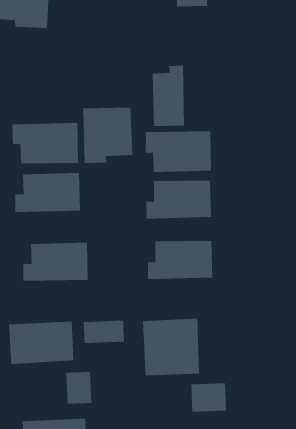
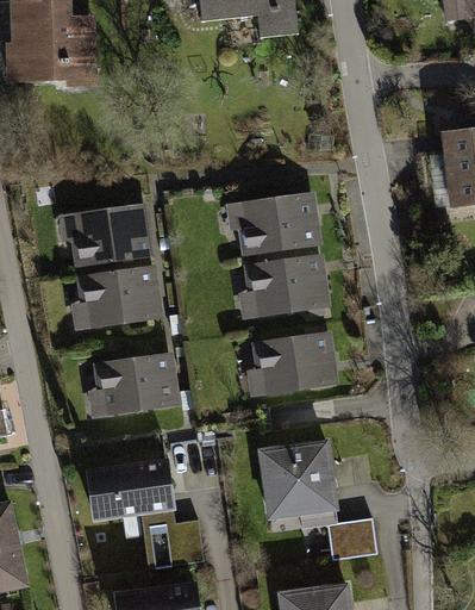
building: [152,65,184,127] -> none
building: [83,107,133,164] -> none
building: [83,320,124,344] -> none

